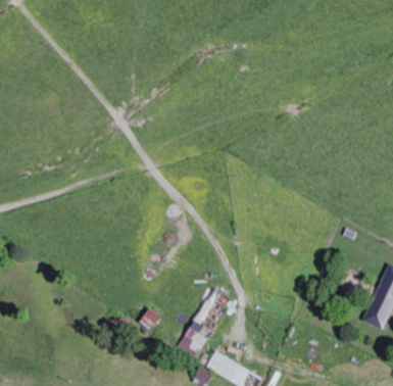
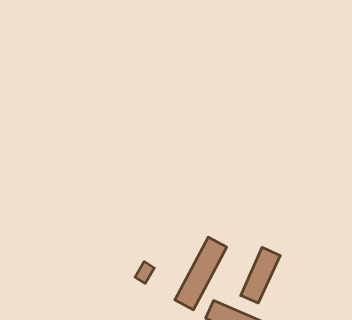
building: none -> [241,247,280,303]

